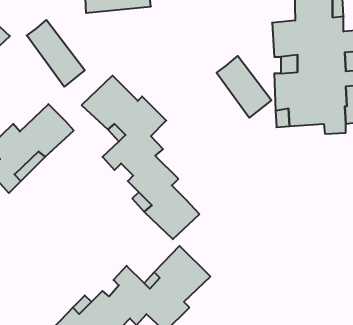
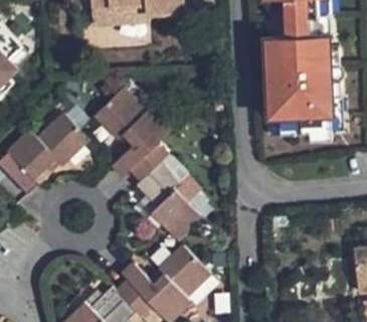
building: [27,20,85,87] -> none
building: [217,56,271,118] -> none

